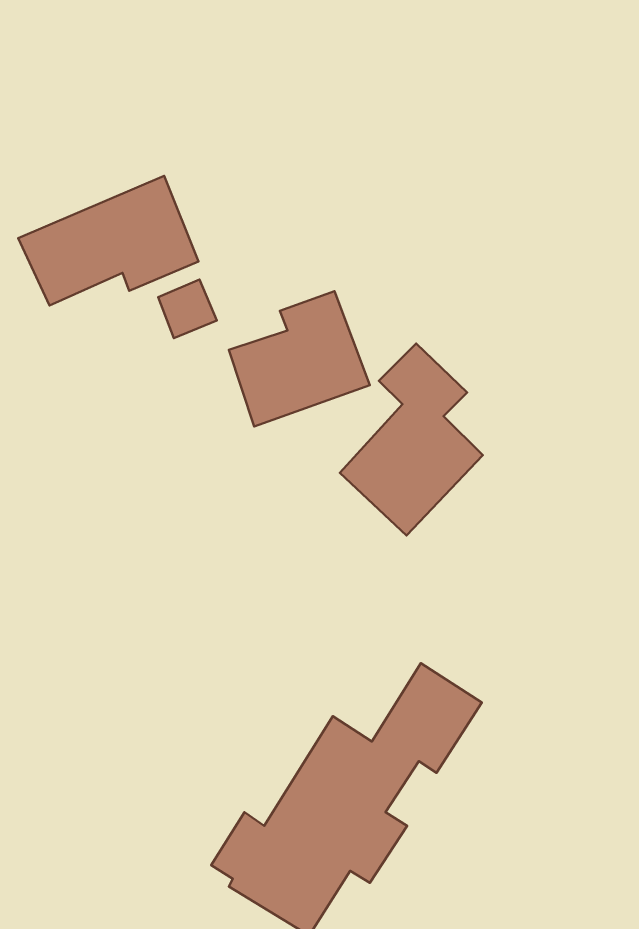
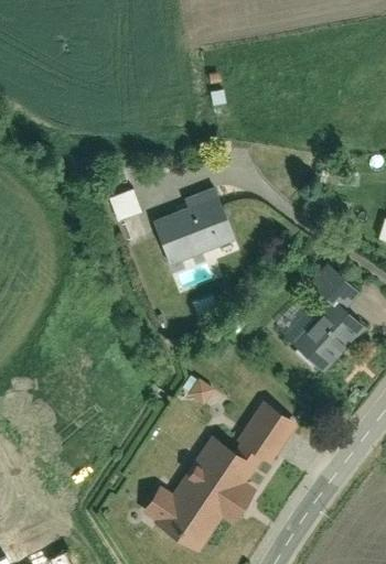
building: [18,176,199,305] -> none
building: [340,344,483,536] -> [287,264,367,372]

